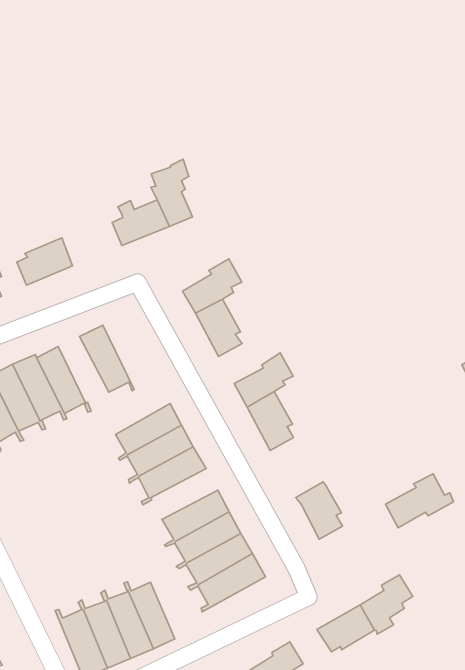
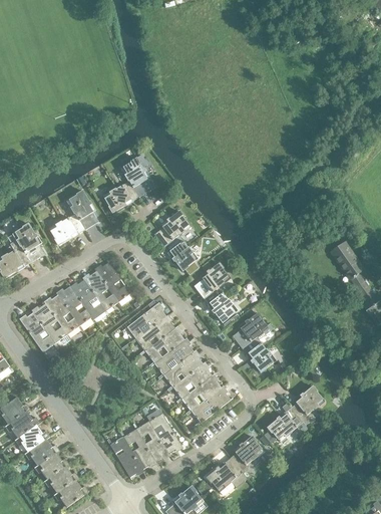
building: none -> [69,190,98,228]
building: none -> [83,270,121,310]
building: none -> [153,338,194,378]
building: [385,474,454,528] -> [232,311,273,347]

